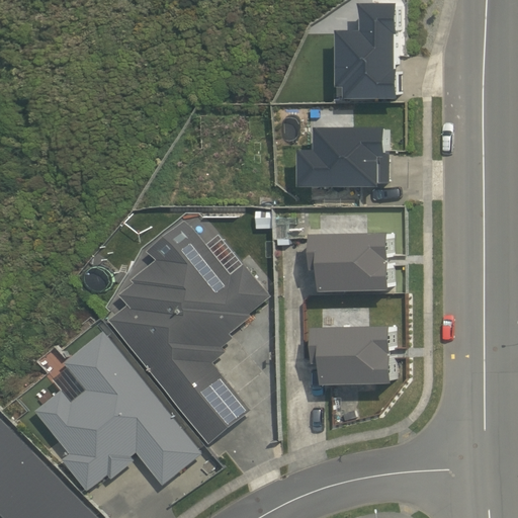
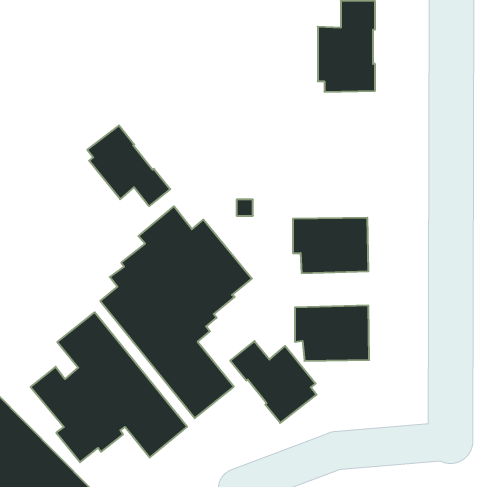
building: [298,126,386,186] -> none
building: none -> [87,125,170,206]
building: none -> [230,341,317,423]

